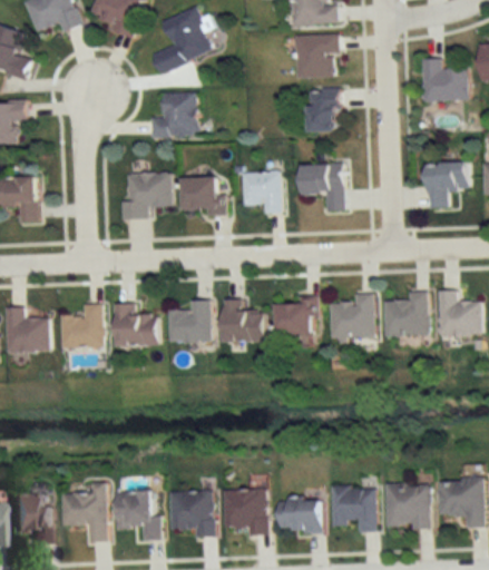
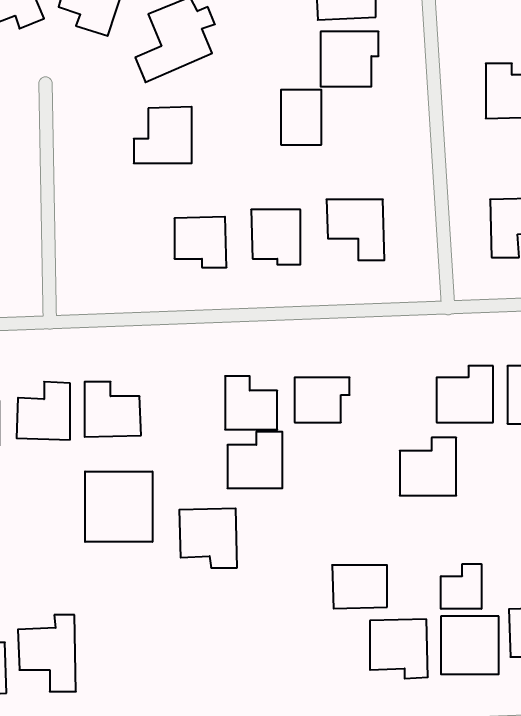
building: [306,89,338,131] -> [281,90,321,145]
building: [123,173,170,219] -> none
building: [329,293,372,337] -> [400,438,456,496]
building: [167,301,209,344] -> [227,432,282,488]
building: none -> [85,471,152,542]
building: none -> [441,564,481,609]
building: [223,490,267,535] -> none
building: [169,491,214,537] -> [179,508,237,568]
building: [115,492,160,540] -> none
building: [278,500,321,533] -> [332,565,387,609]

